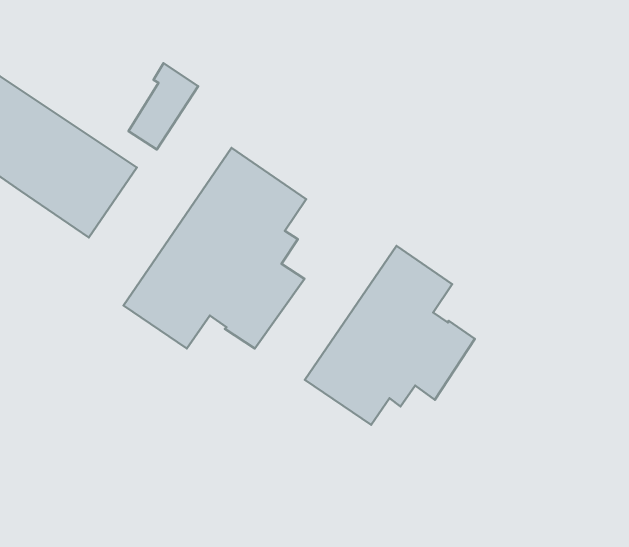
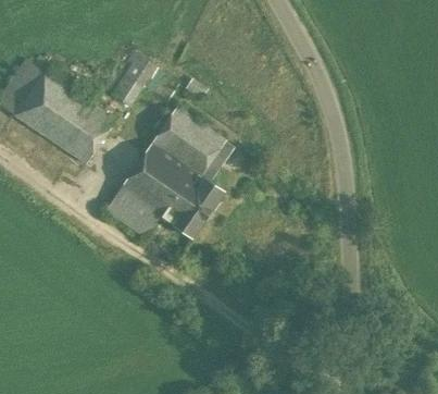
building: [305,246,475,425] -> none

